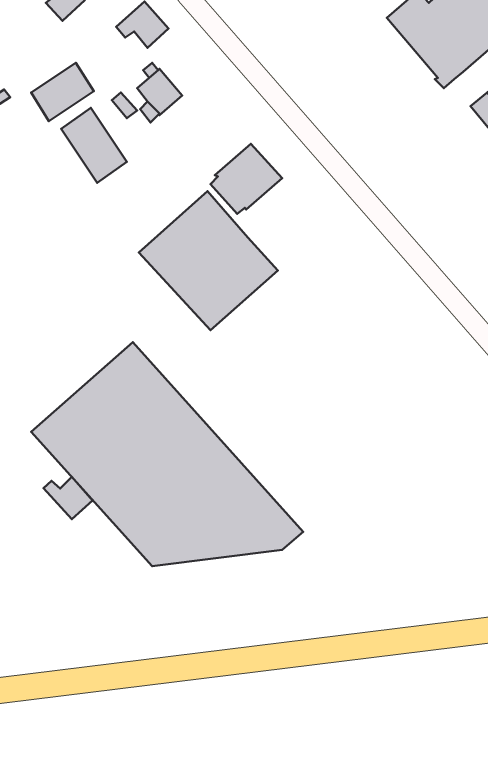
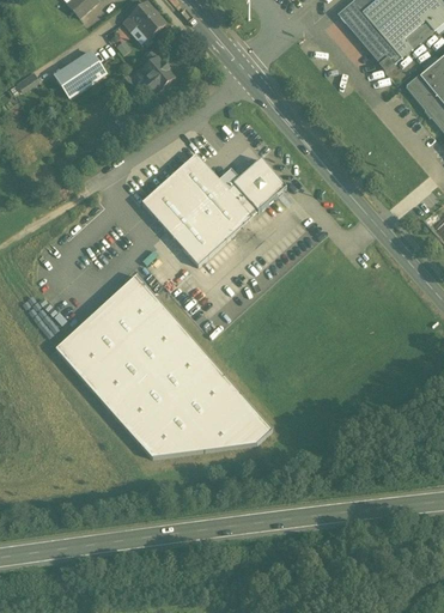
building: [61,108,127,183] -> none
building: [210,144,282,214] -> [229,158,286,214]
building: [44,477,92,519] -> none

